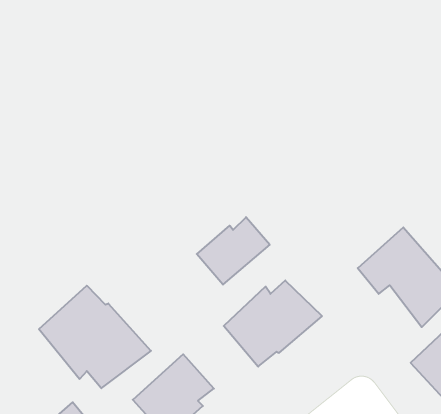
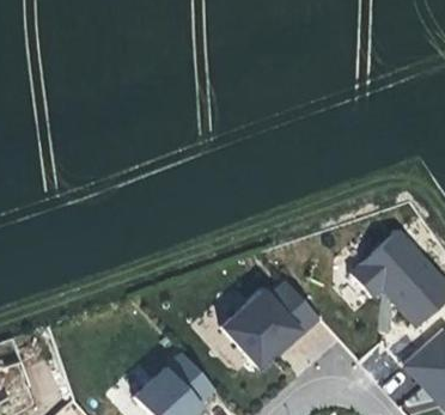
building: [197,217,270,285] -> none
building: [39,286,151,388] -> none

